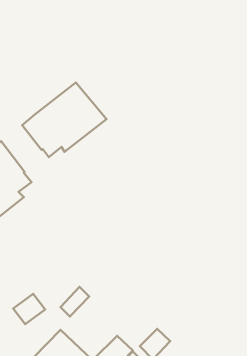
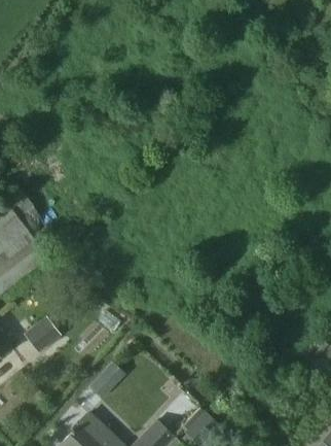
building: [22,82,107,157] -> none
building: [13,294,45,324] -> [23,317,61,353]

